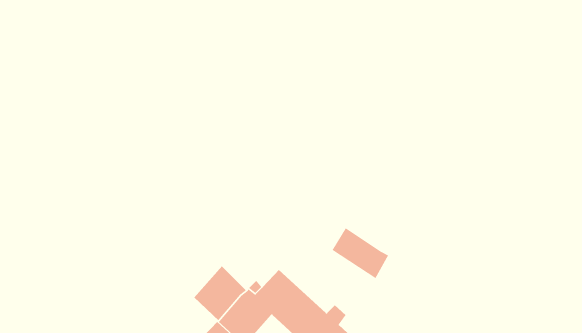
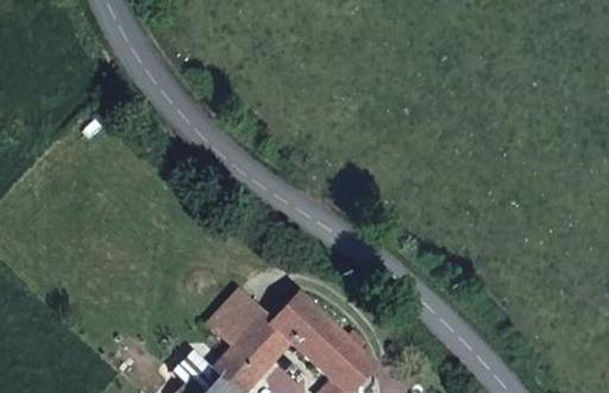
building: [332,227,389,279] -> none

